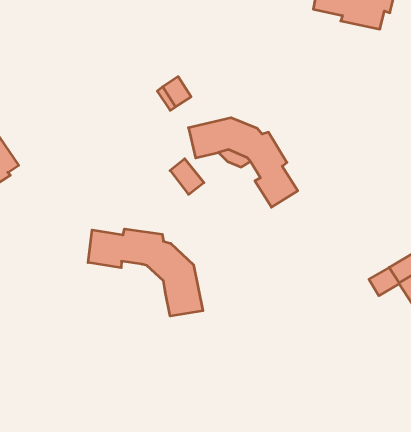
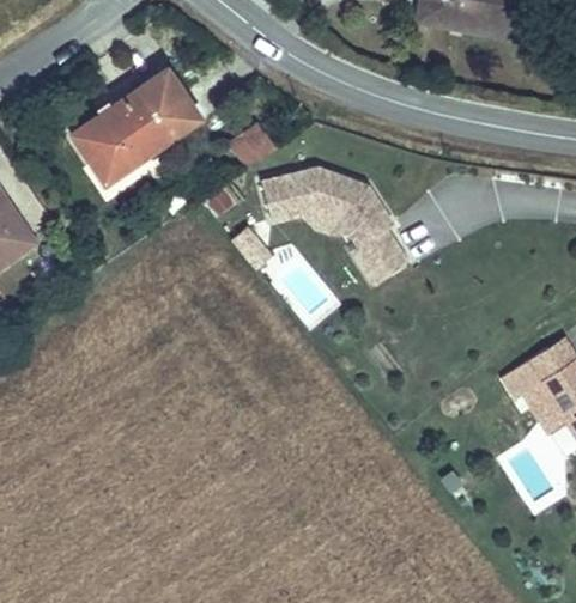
building: none -> [69,66,200,176]
building: [88,229,203,316] -> none

